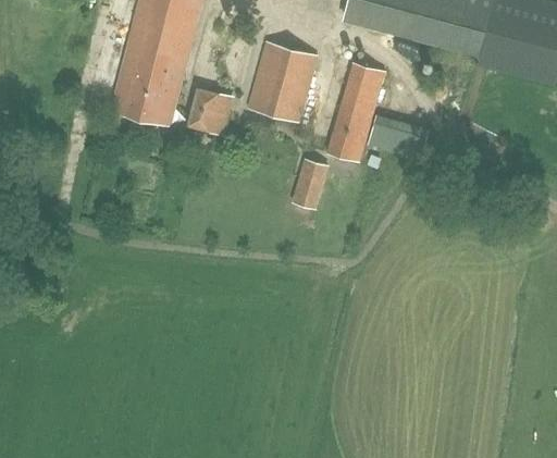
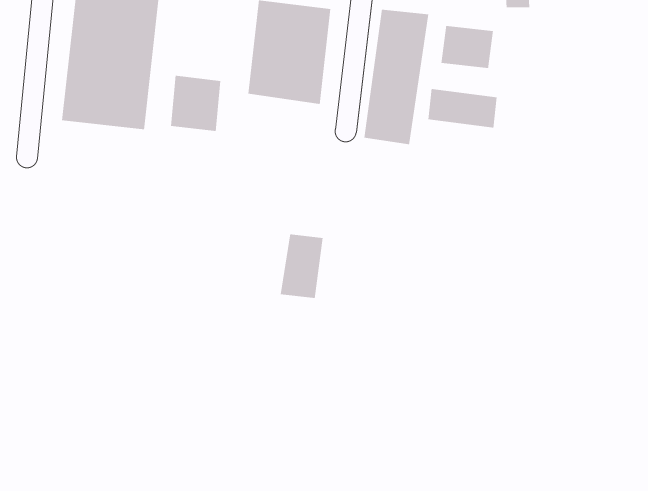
building: none -> [441,25,493,69]
building: [290,159,327,208] -> [280,234,323,298]

